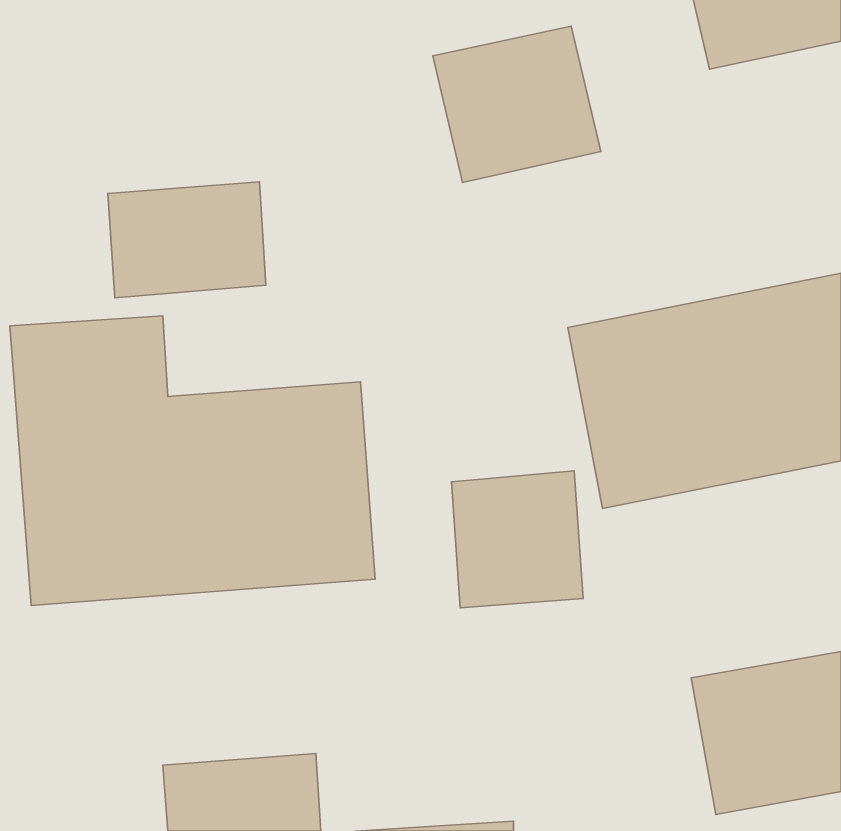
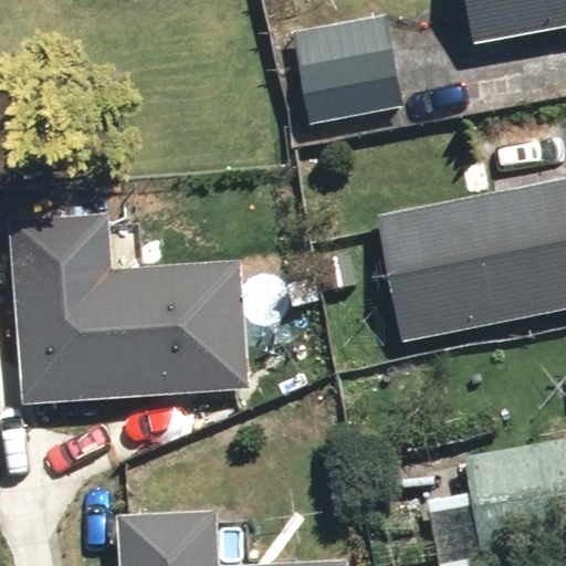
building: [108,182,266,298] -> none
building: [452,471,583,608] -> none

